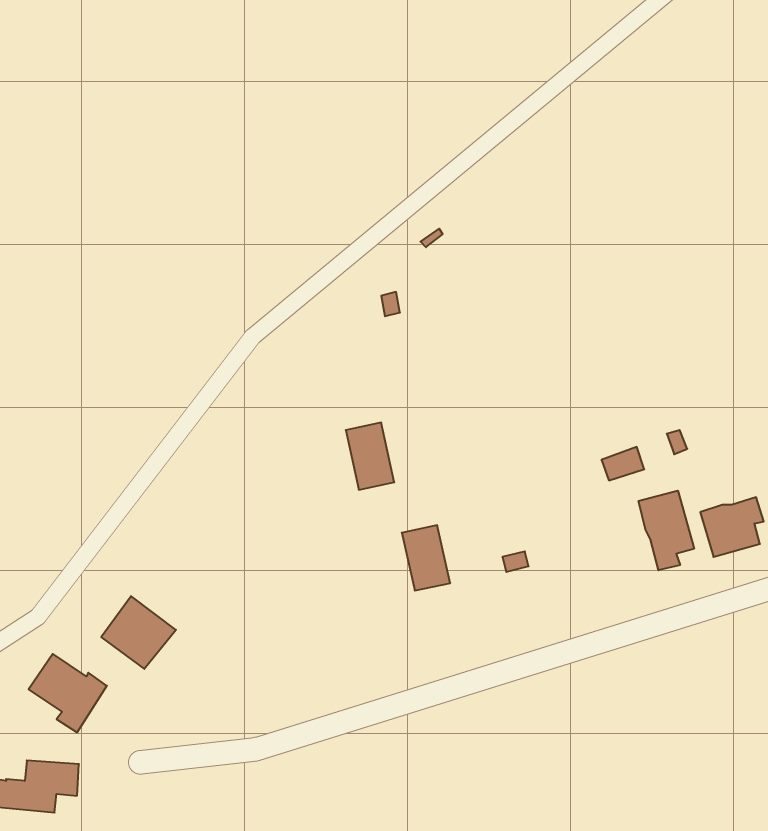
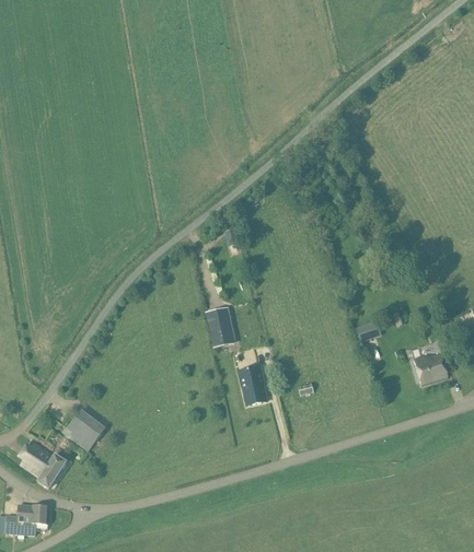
building: [639,491,694,570] -> none

